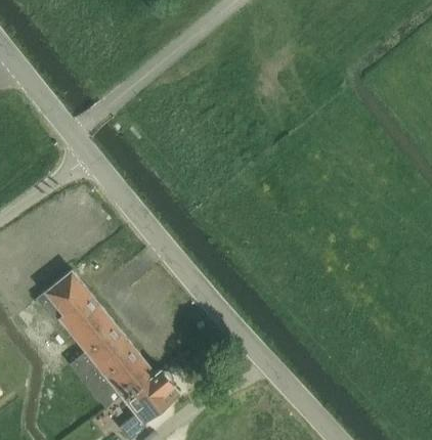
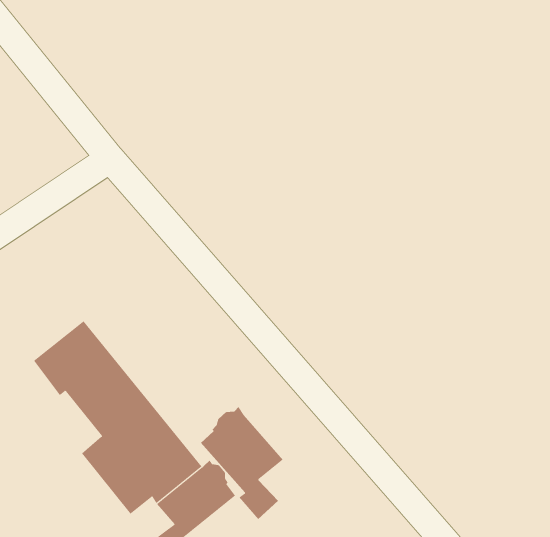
building: none -> [200,406,283,520]

